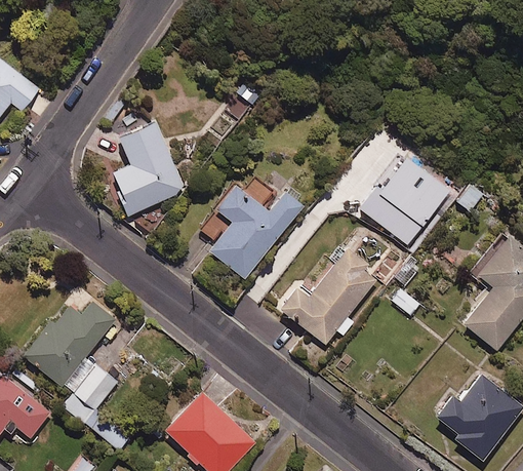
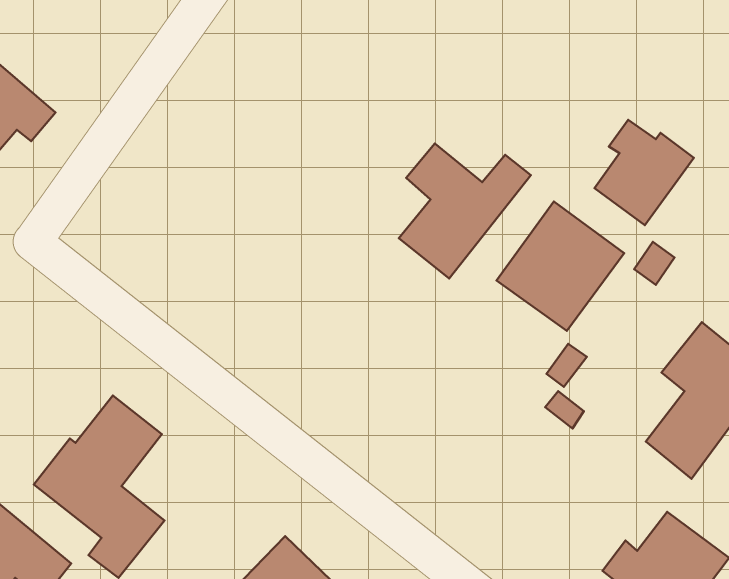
building: none -> [595,120,694,225]
building: [108,122,185,217] -> none
building: [207,185,301,281] -> [399,143,531,279]
building: [277,250,378,346] -> none

